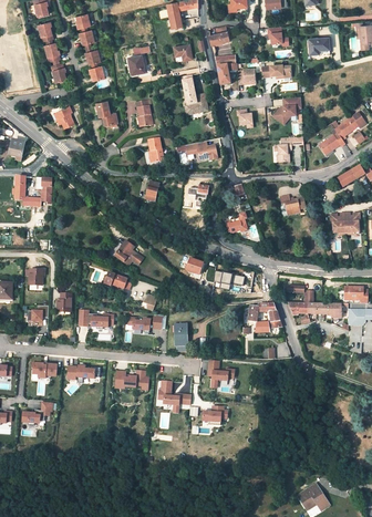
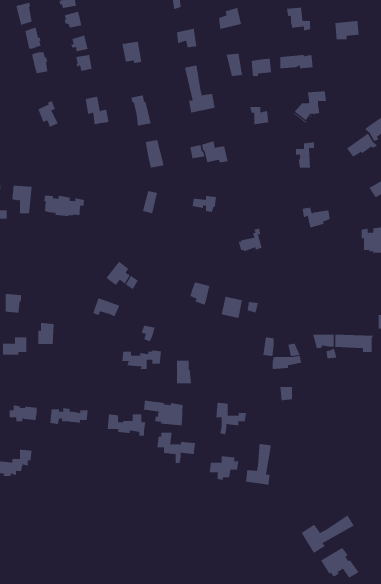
building: none -> [44,195,84,217]
building: [78,308,113,328] -> none
building: none -> [144,400,183,426]
building: none -> [246,443,271,485]
building: none -> [301,515,354,554]

